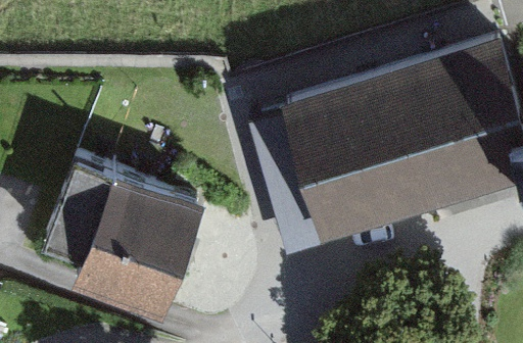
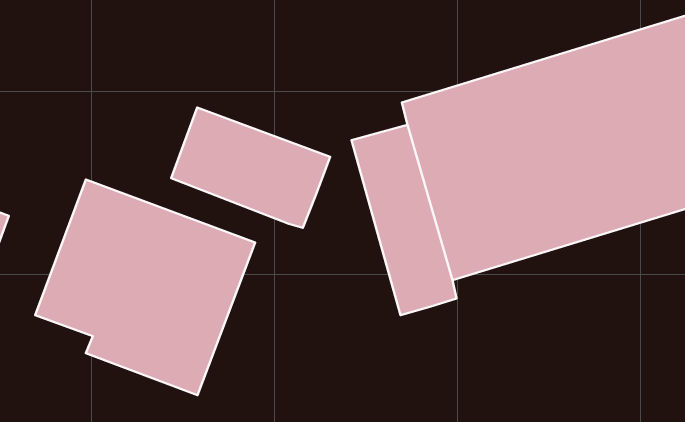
building: none -> [171,107,330,228]

